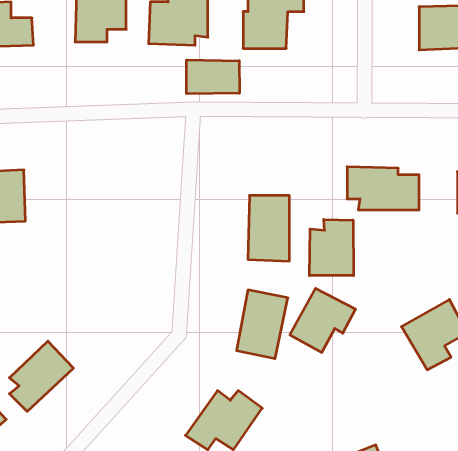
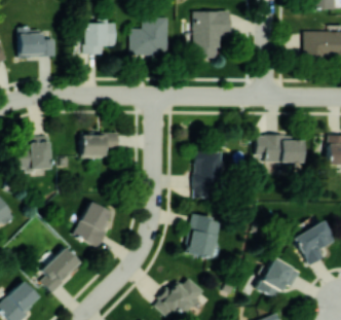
building: [187,60,239,94] -> none
building: none -> [82,133,118,157]
building: [309,219,354,276] -> none
building: none -> [74,202,114,247]
building: [290,288,356,352] -> [258,258,300,299]

